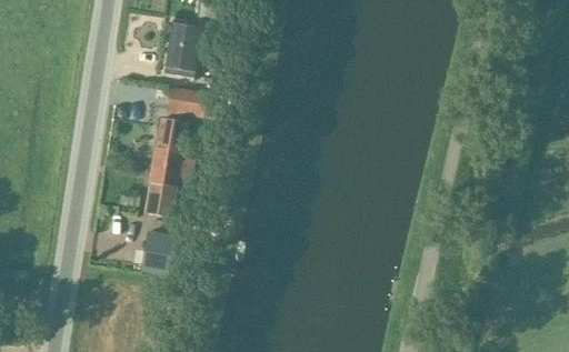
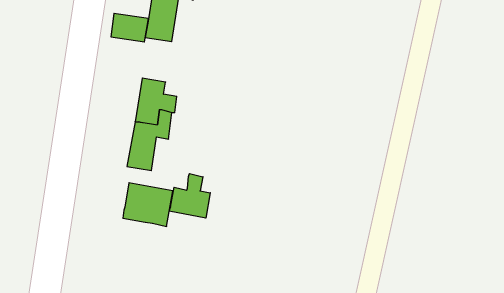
building: [166,86,207,117] -> [111,13,149,42]
building: none -> [169,174,210,218]

